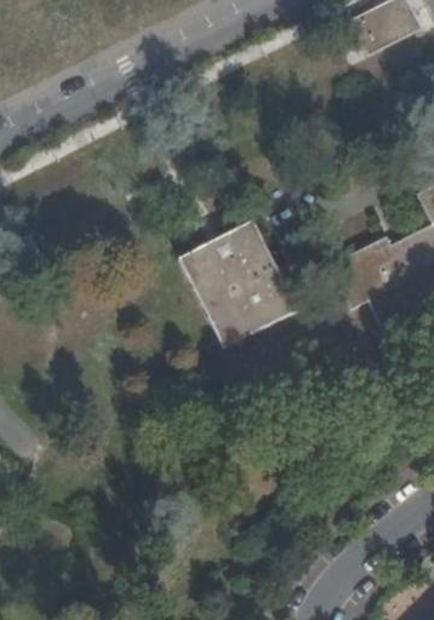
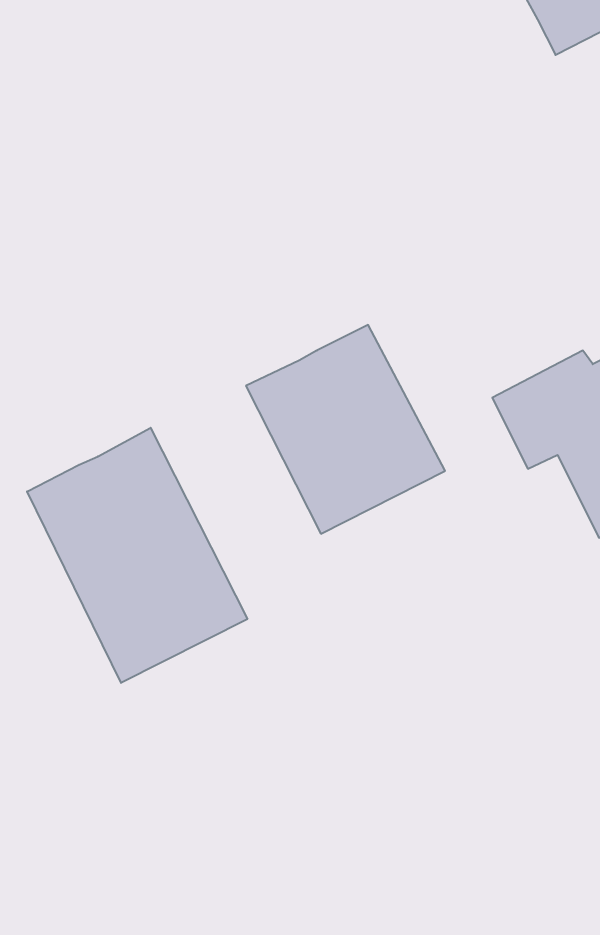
building: none -> [27,428,247,683]

